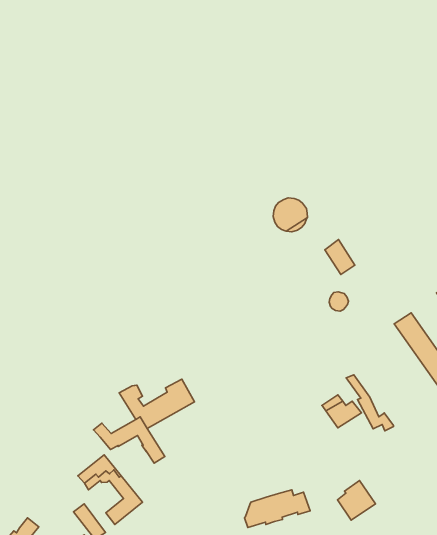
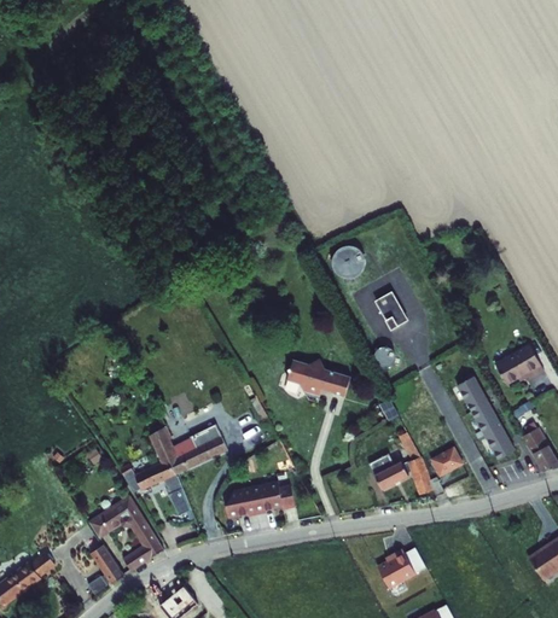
building: none -> [287,357,351,402]
building: none -> [424,451,457,482]
building: [244,490,310,528] -> [229,482,300,517]

